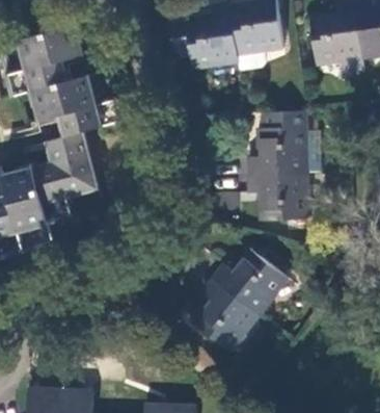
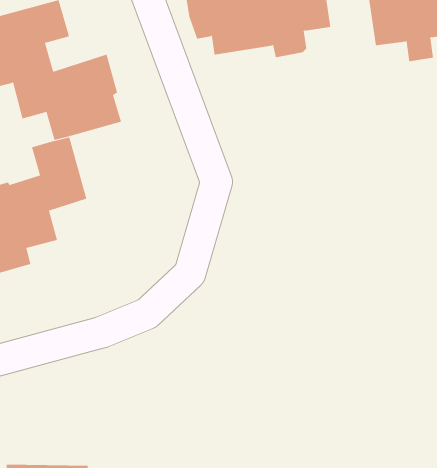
building: [246,111,318,220] -> none
building: [193,249,283,347] -> none

